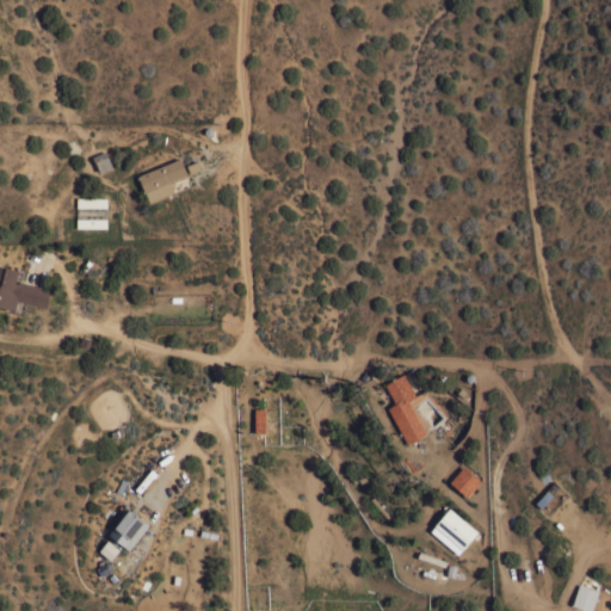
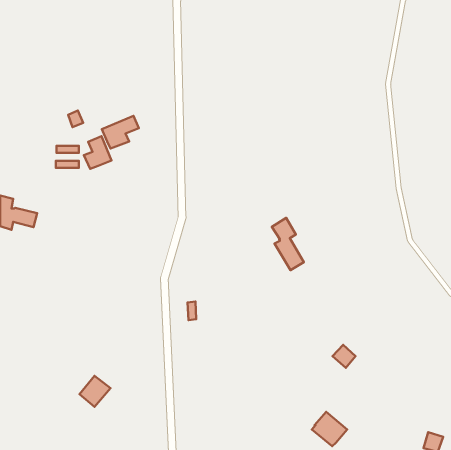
building: none -> [84,136,112,169]
building: [384,375,427,445] -> [272,218,304,270]
building: [431,510,479,556] -> [312,412,347,446]

